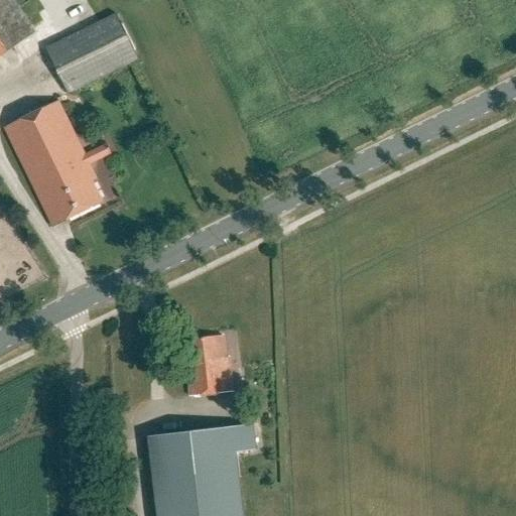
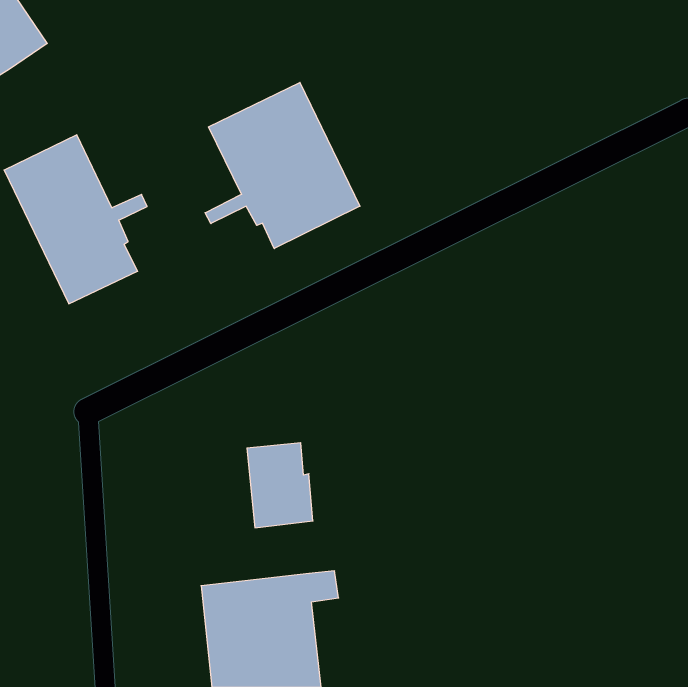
building: [46,13,139,93] -> none
building: none -> [205,82,360,249]

